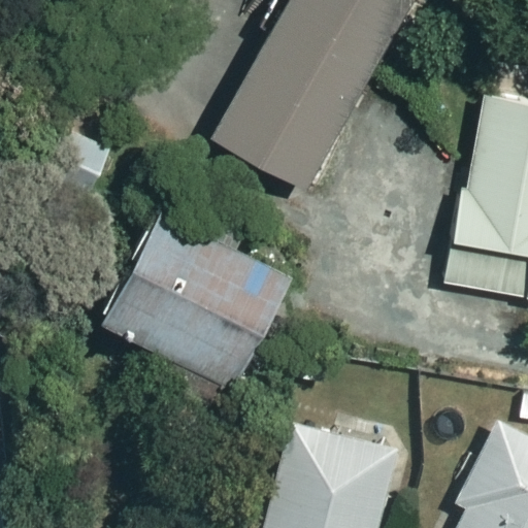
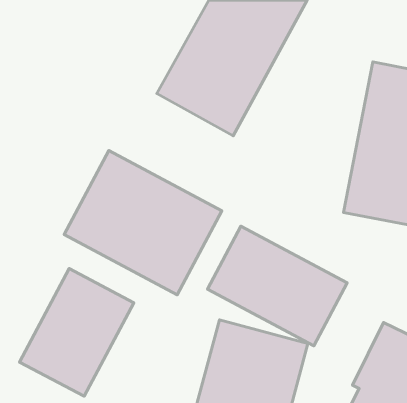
building: none -> [208,226,347,346]
building: none -> [20,269,134,396]

